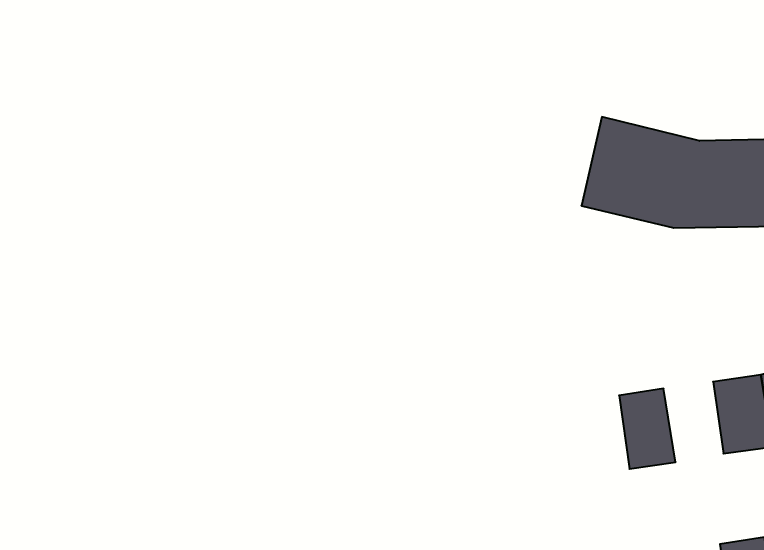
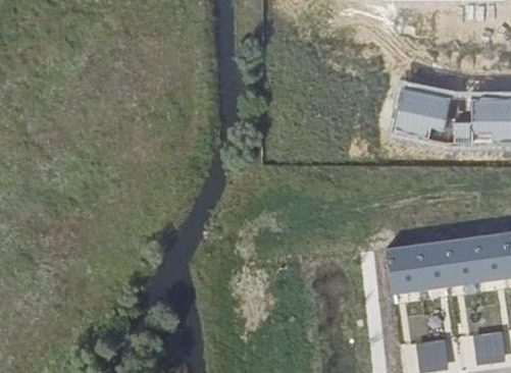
building: none -> [443,238,478,286]
building: none -> [387,247,422,295]

